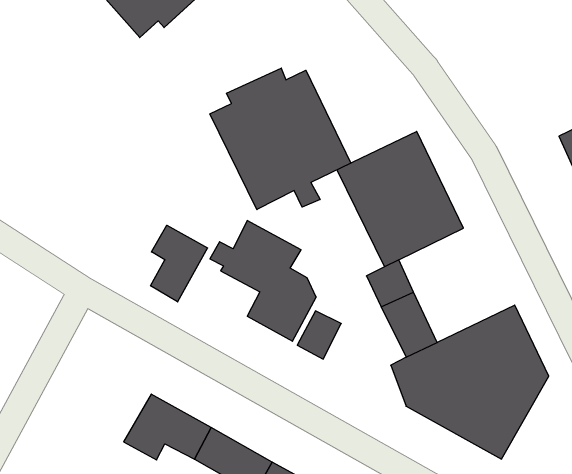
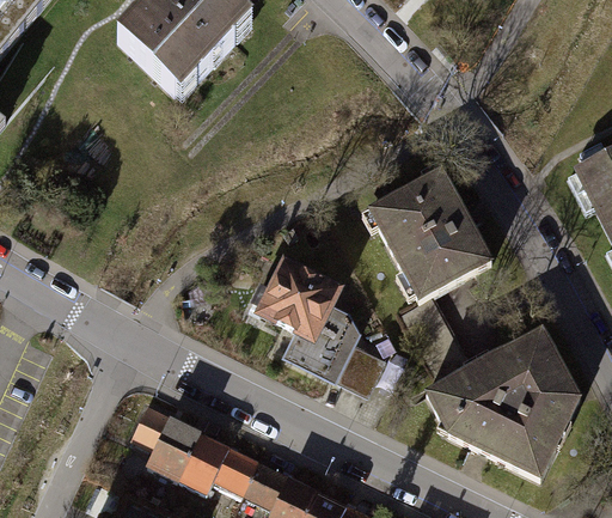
building: [210,68,351,210] -> none
building: [151,225,208,302] -> none
building: none -> [133,408,201,480]

